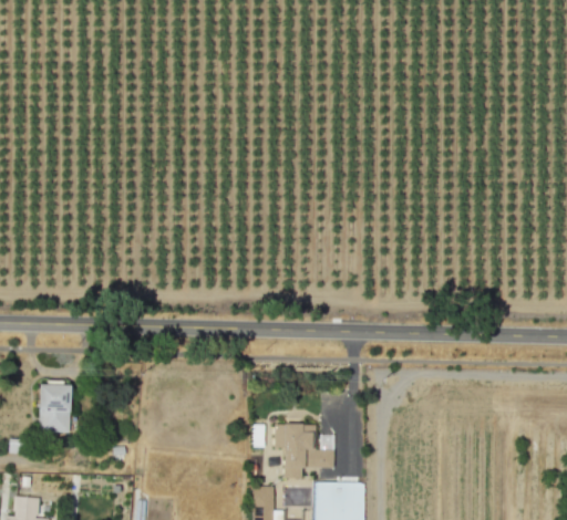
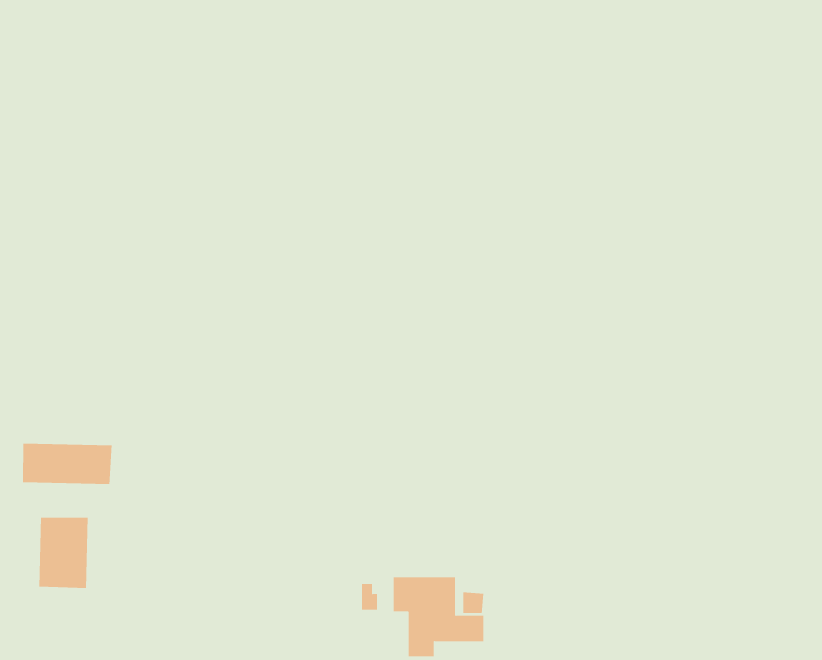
building: none -> [23,443,112,485]

